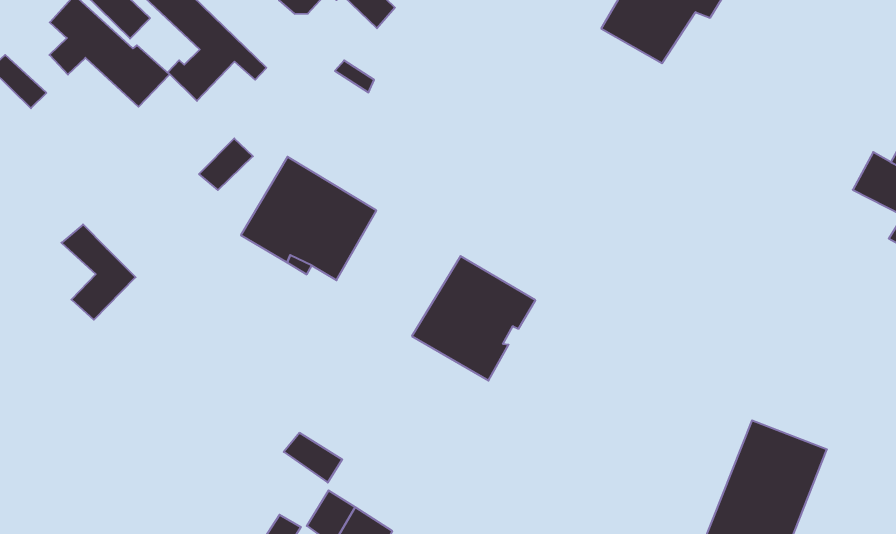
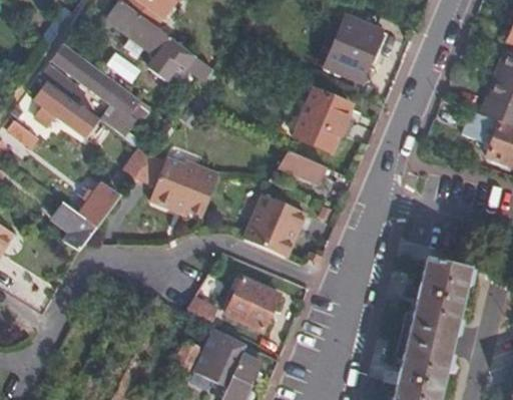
building: none -> [293,90,351,151]
building: none -> [269,151,326,185]
building: none -> [79,182,120,228]
building: none -> [225,279,278,332]

